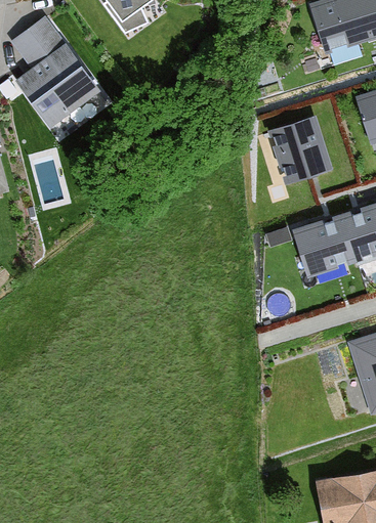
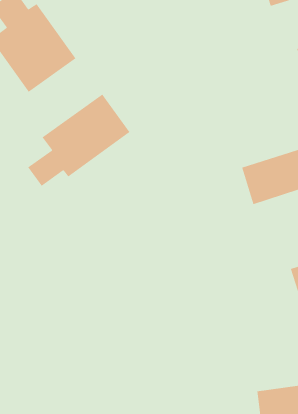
building: [273,114,330,177] -> none
building: none -> [27,93,131,187]

